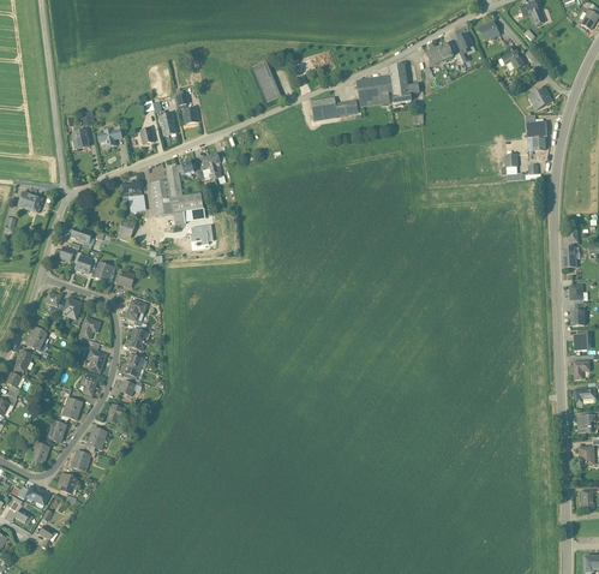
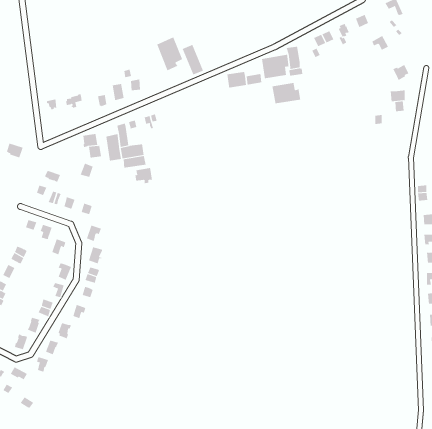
building: none -> [156,37,183,71]
building: none -> [272,82,301,104]

